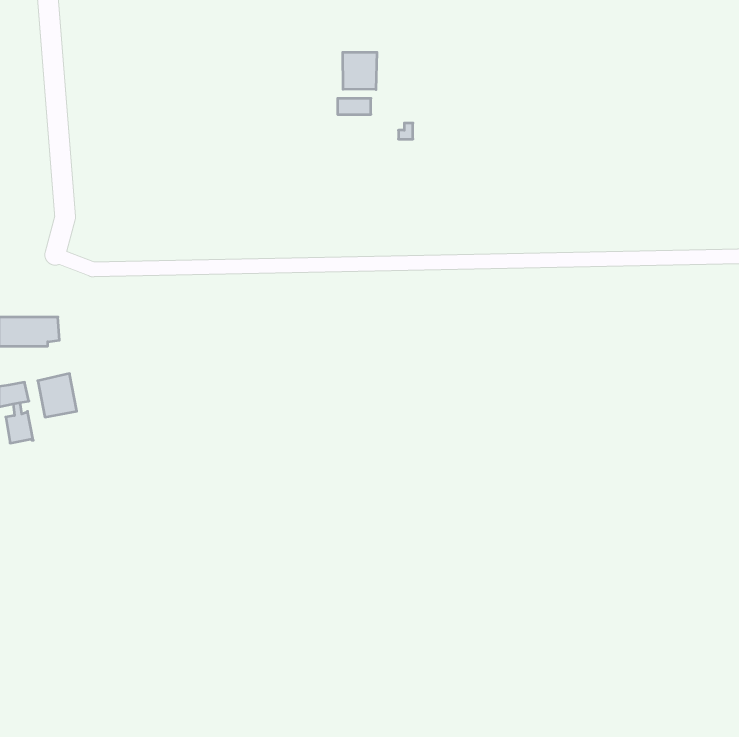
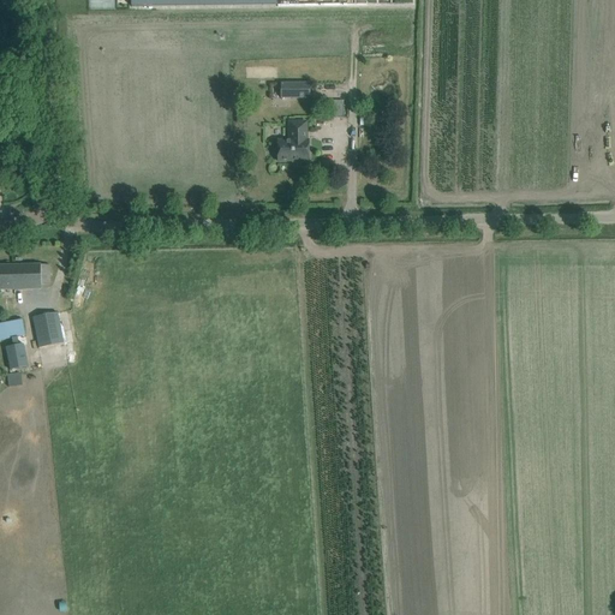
building: [343,52,377,90] -> none
building: none -> [274,120,308,161]

